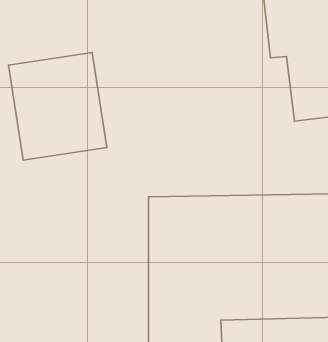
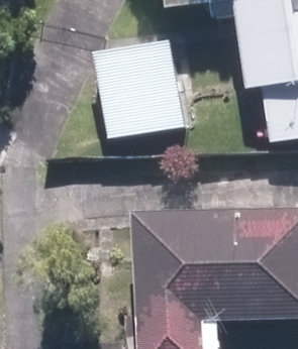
building: [8,53,107,160] -> [93,41,181,137]

